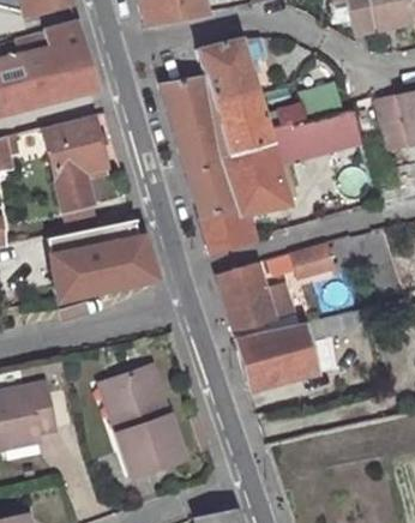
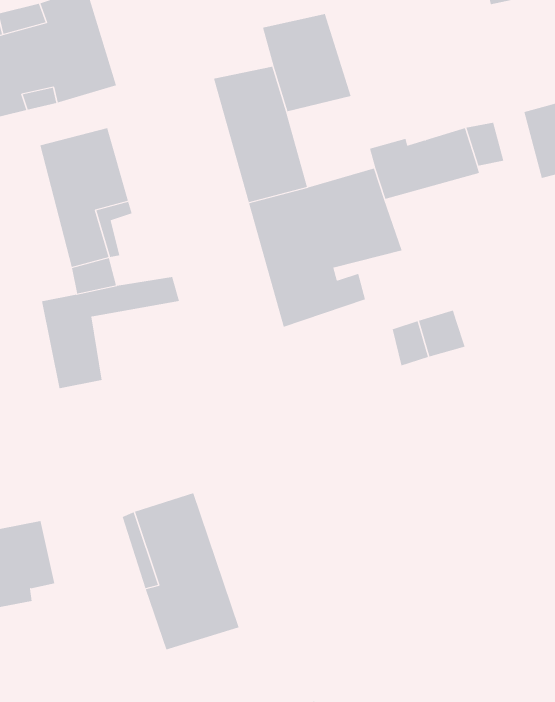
building: [213,95,308,157] -> none
building: [80,235,154,289] -> none
building: [217,262,275,332] -> none
building: [236,320,320,390] -> none

